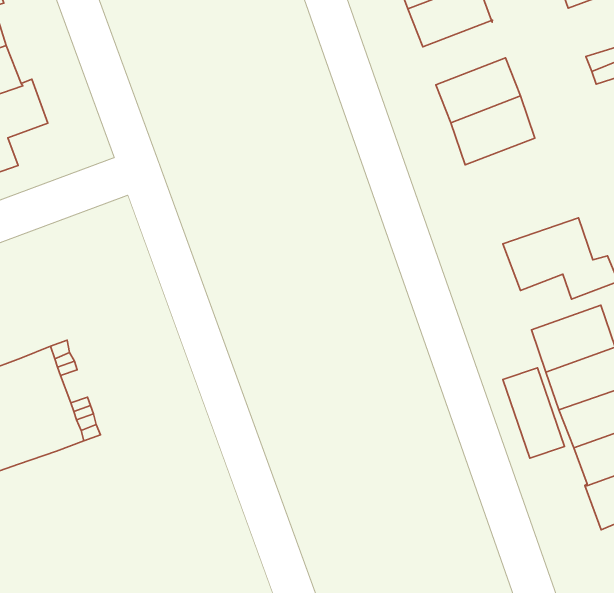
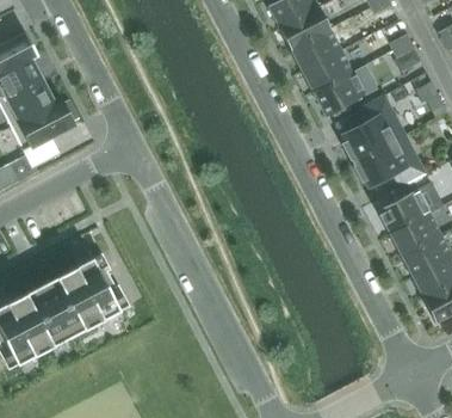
building: none -> [291,27,341,70]
building: none -> [341,94,397,160]
building: [503,368,565,458] -> none

